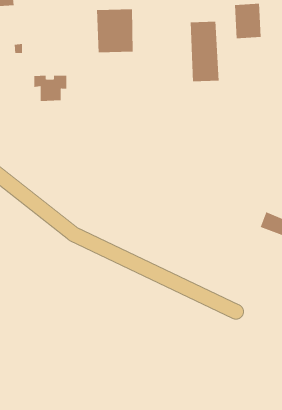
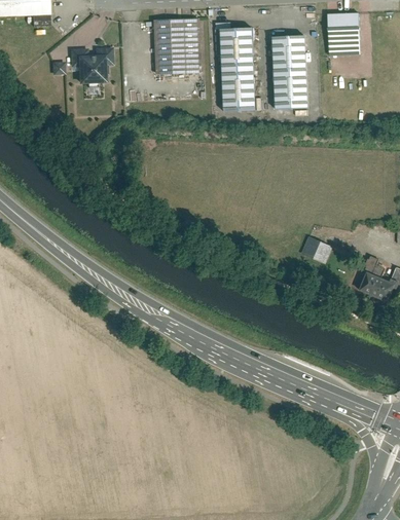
building: none -> [221,27,256,110]
building: [33,75,67,101] -> [71,49,113,82]
building: none -> [300,235,333,264]

